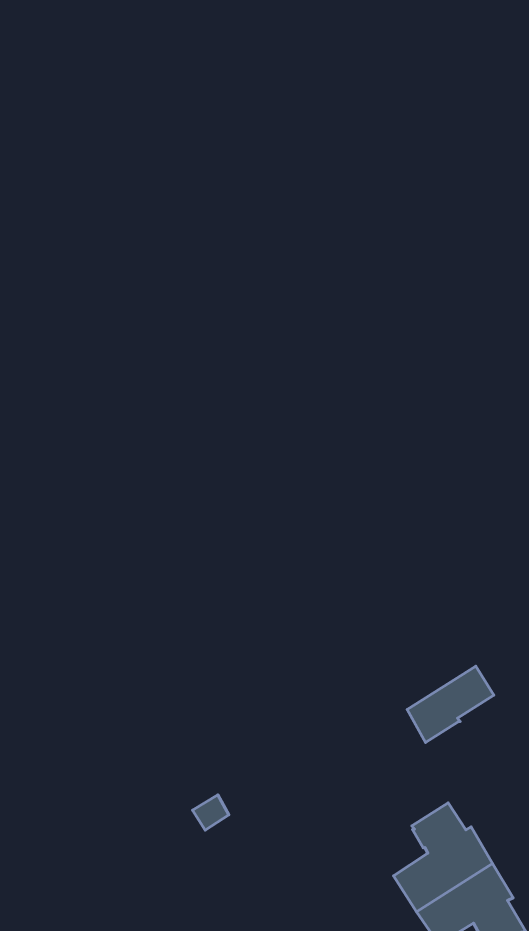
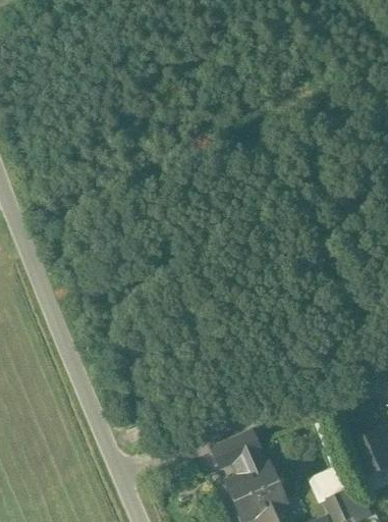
building: [407,666,494,742] -> [212,432,258,468]

